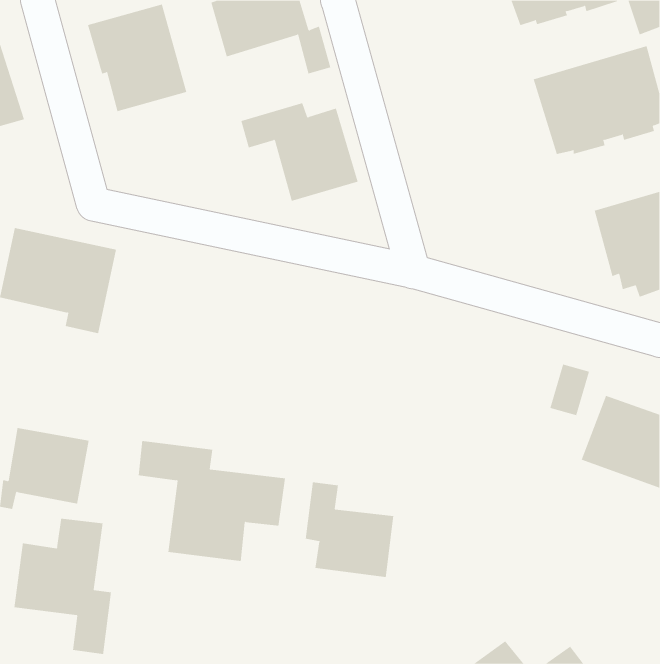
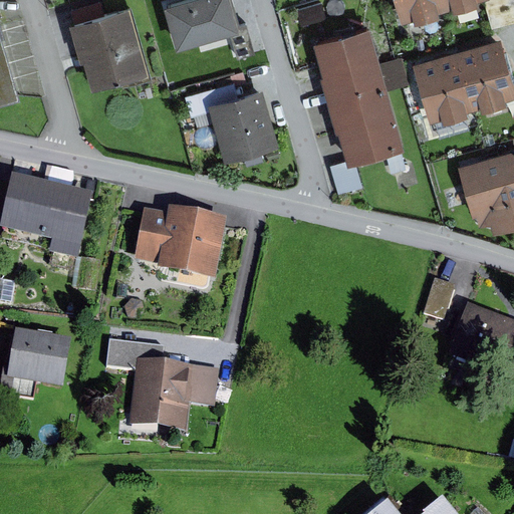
building: none -> [312,22,403,160]
building: none -> [137,208,225,280]
building: [305,482,394,578] -> none
building: [14,518,111,655] -> none

